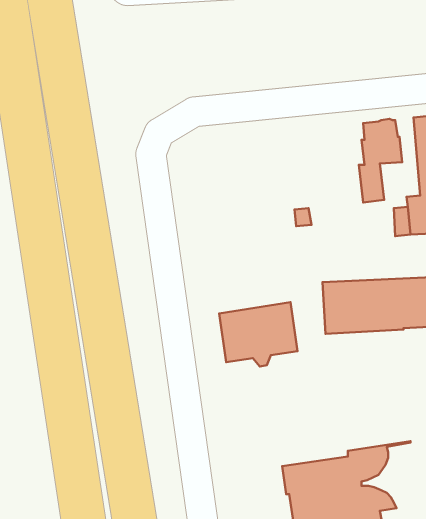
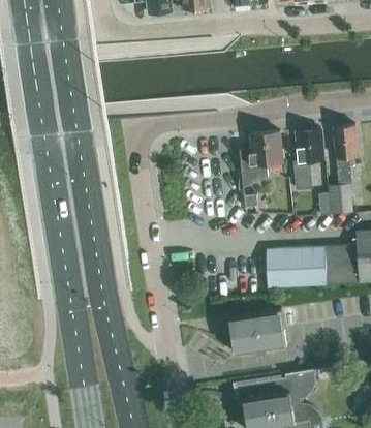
building: none -> [239,131,283,190]
building: [219,302,297,366] -> [228,310,286,358]

